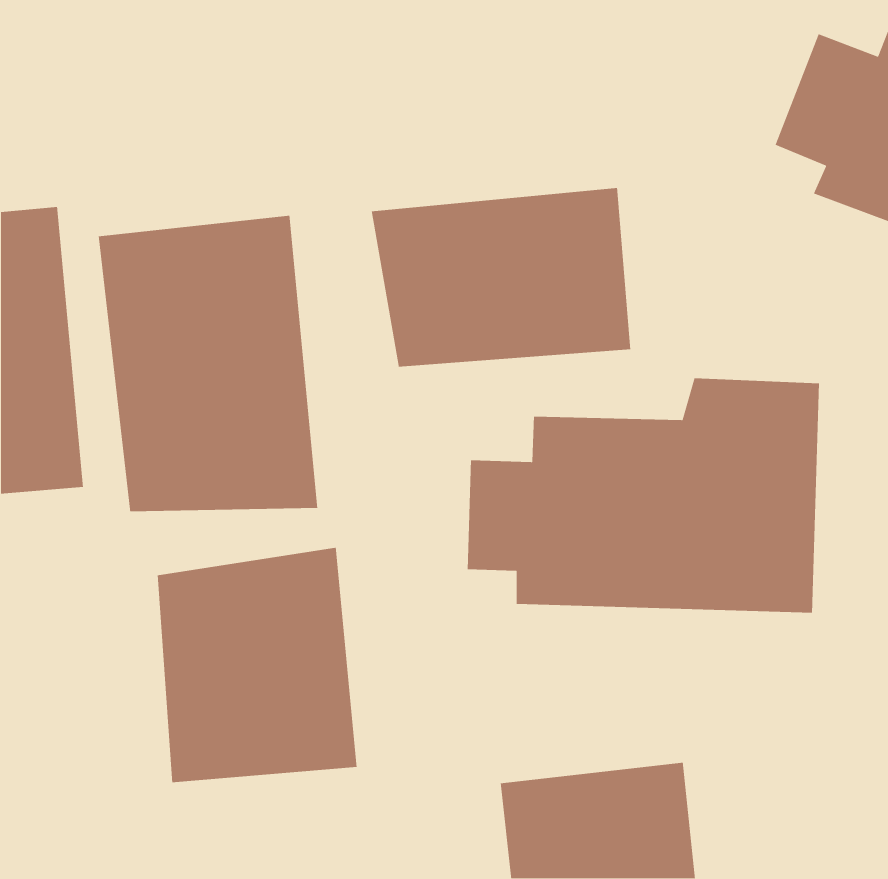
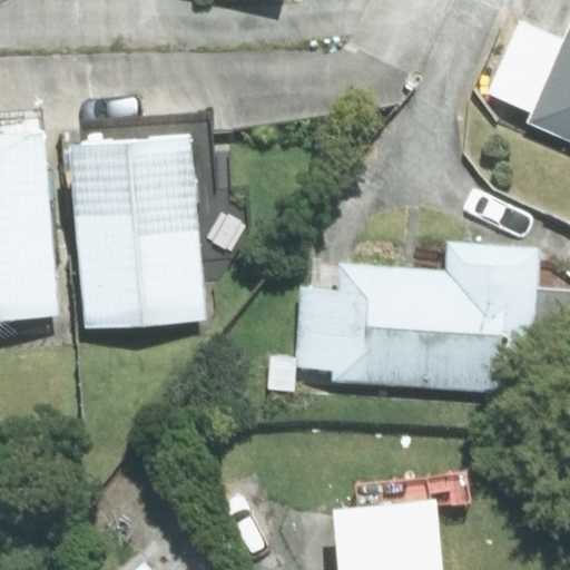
building: [371,187,631,368] -> none
building: [157,547,358,783] -> none

